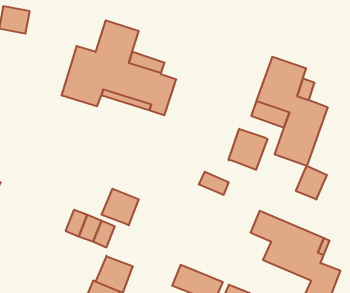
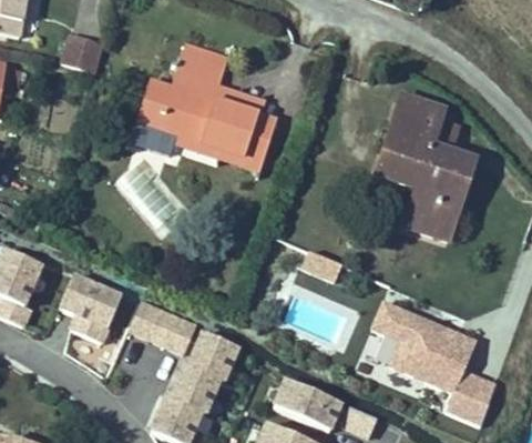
building: [229,129,267,170] -> none
building: [296,166,327,200] -> none
building: [101,189,139,225] -> [187,331,237,380]
building: none -> [61,276,122,342]

